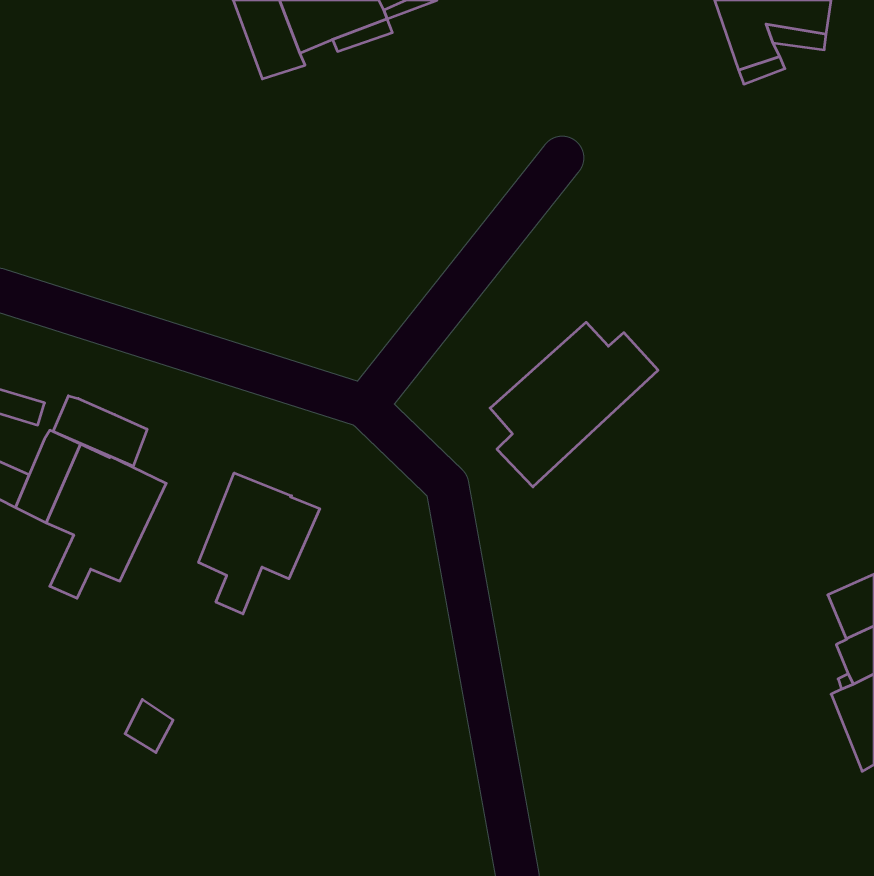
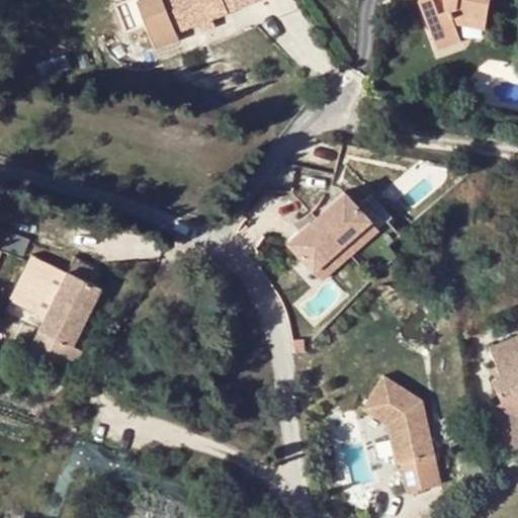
building: [53,396,147,466] -> none
building: [199,473,320,614] -> none
building: none -> [365,375,443,492]

